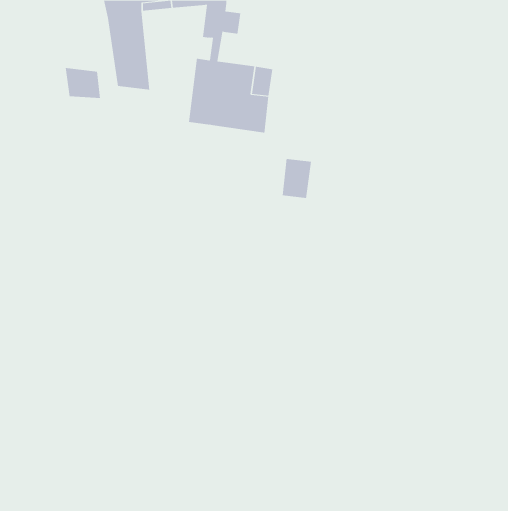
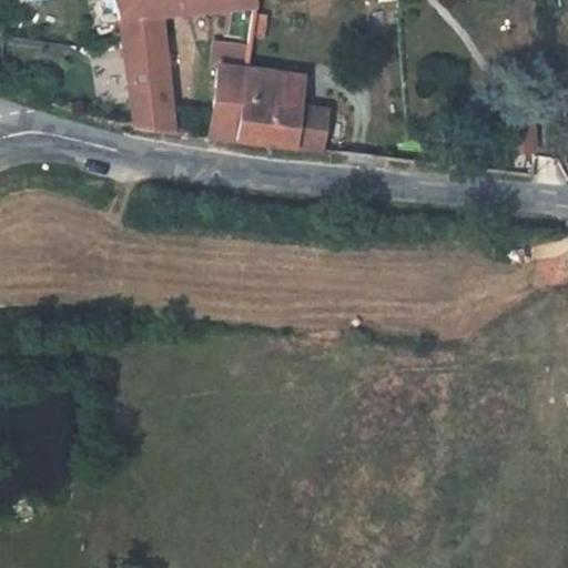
building: [65,68,101,99] -> [133,95,173,130]
building: [282,158,312,198] -> [297,106,331,151]

